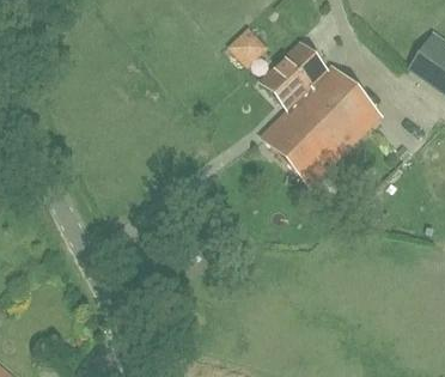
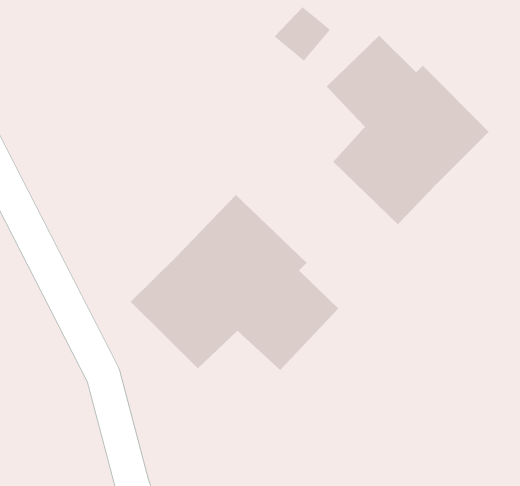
building: none -> [130,194,339,371]

